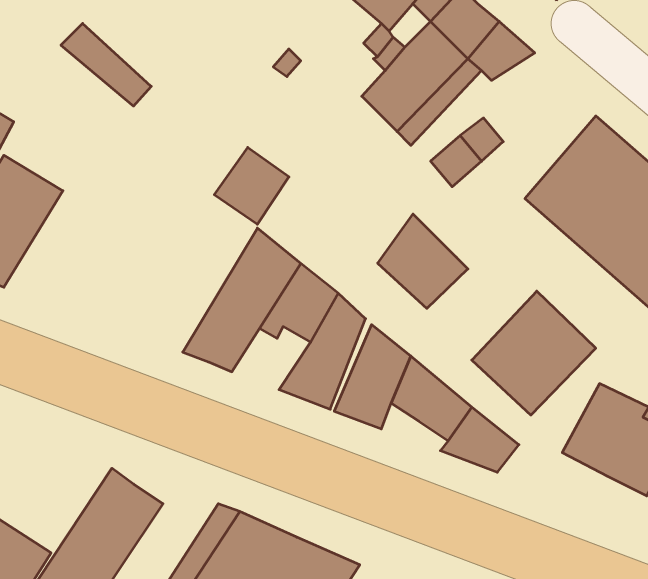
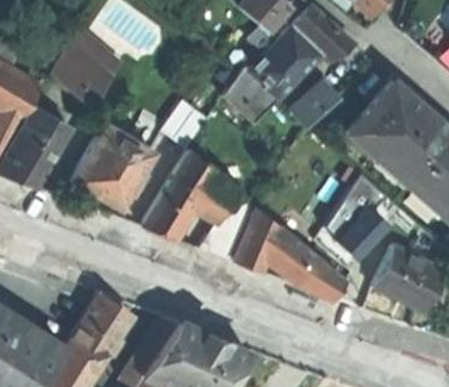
building: none -> [51,39,112,106]
building: none -> [73,125,151,207]
building: [378,214,468,308] -> [224,65,279,123]

